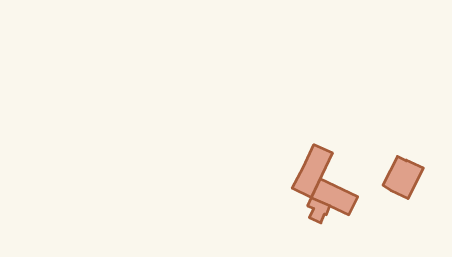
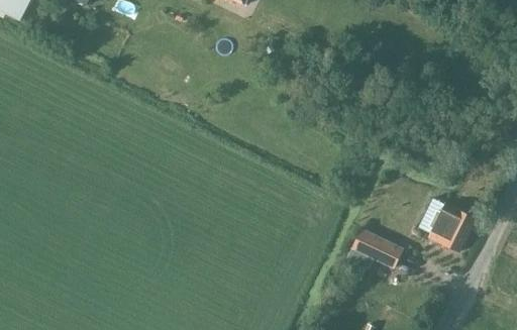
building: [292,145,332,197] -> none

